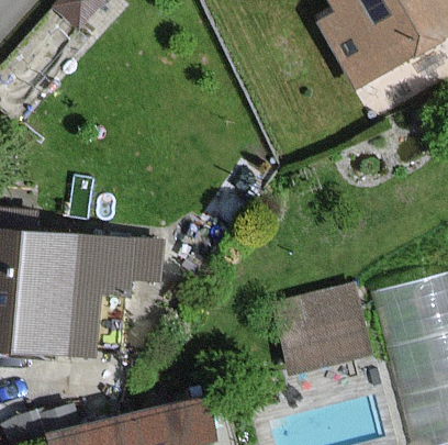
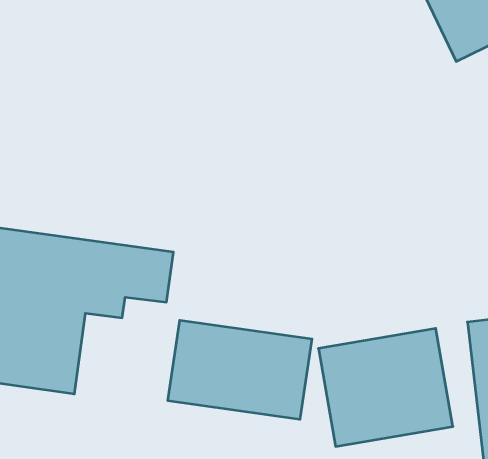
building: none -> [168,320,312,419]

